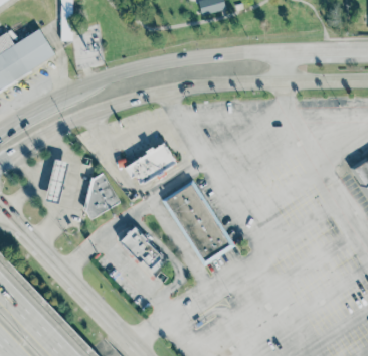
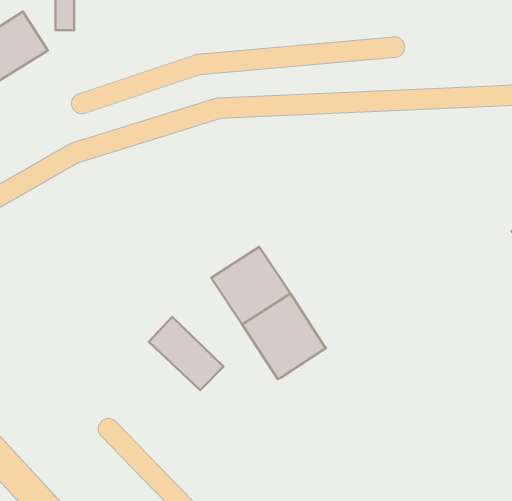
building: [125,142,177,184] -> none
building: [45,159,69,203] -> none
building: [83,173,120,220] -> none

